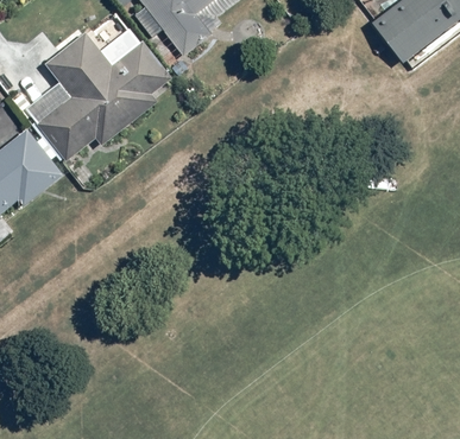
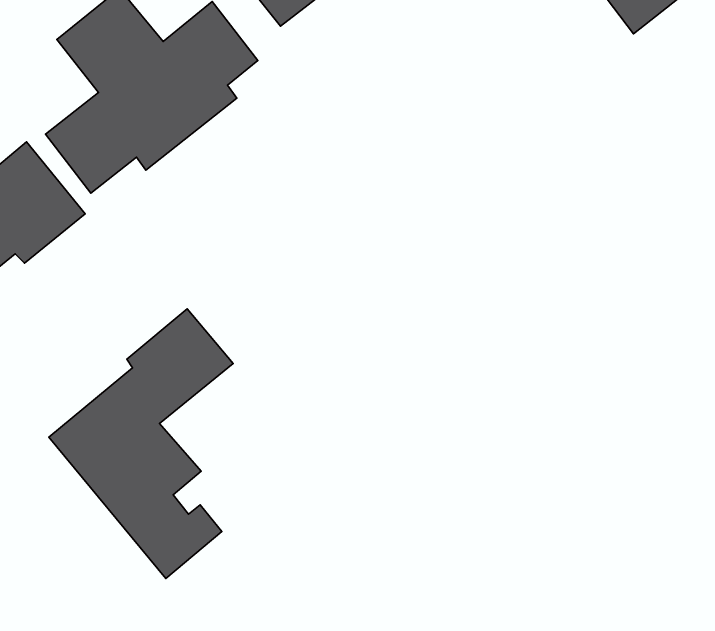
building: none -> [49,309,233,579]

